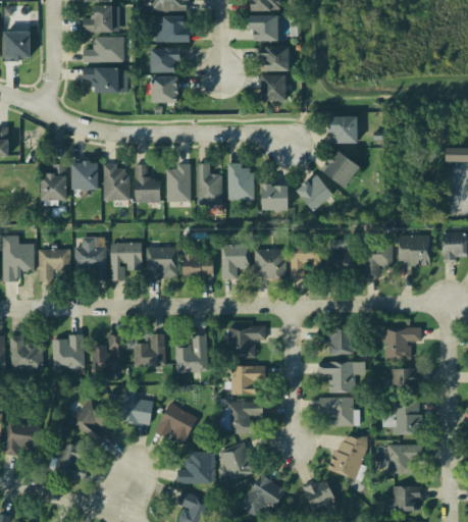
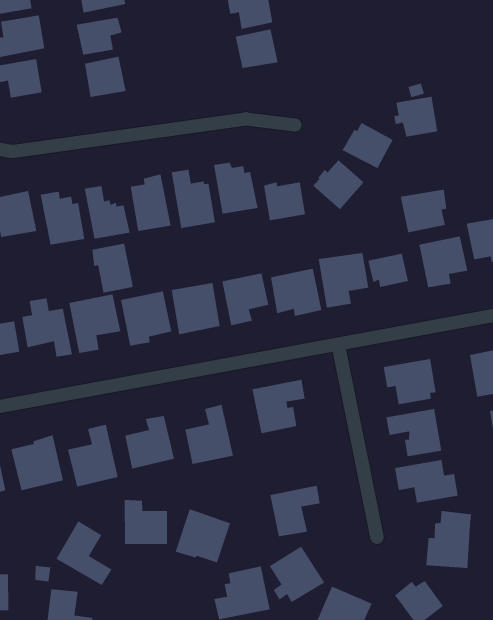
building: [326,116,356,142] -> [394,96,438,137]
building: none -> [92,243,133,293]
building: none -> [400,189,447,233]
building: [230,365,266,394] -> none

